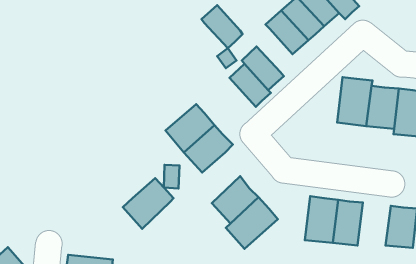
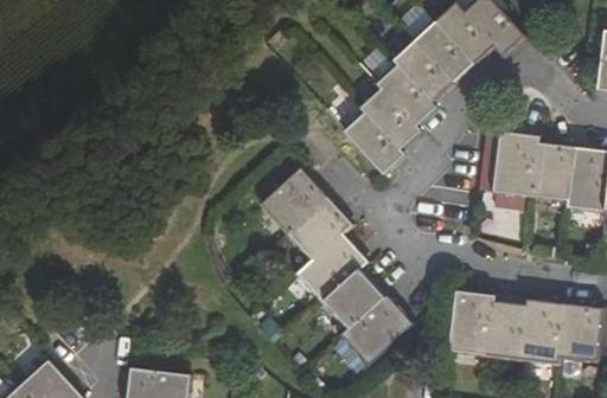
building: [201,5,243,48] -> [381,65,436,123]
building: [123,178,174,229] -> [298,232,366,301]
building: none -> [520,300,566,362]

